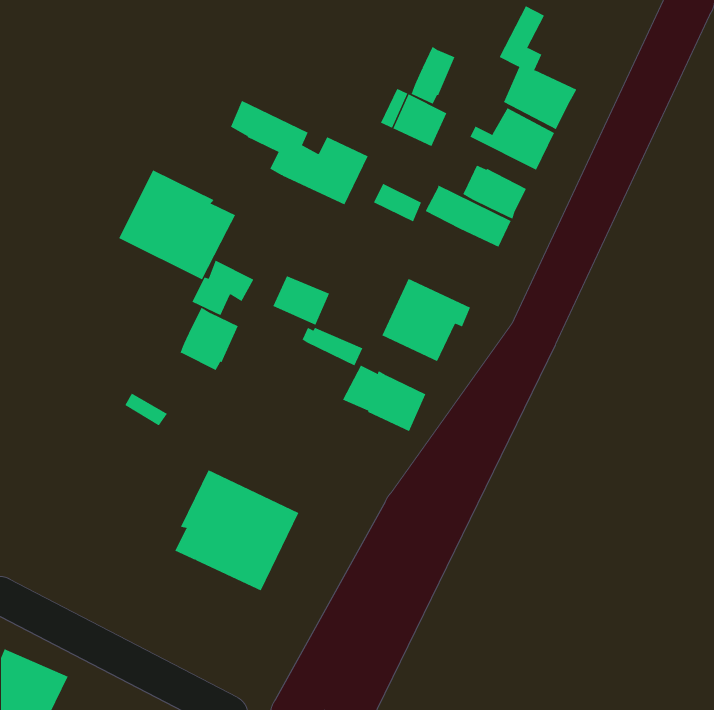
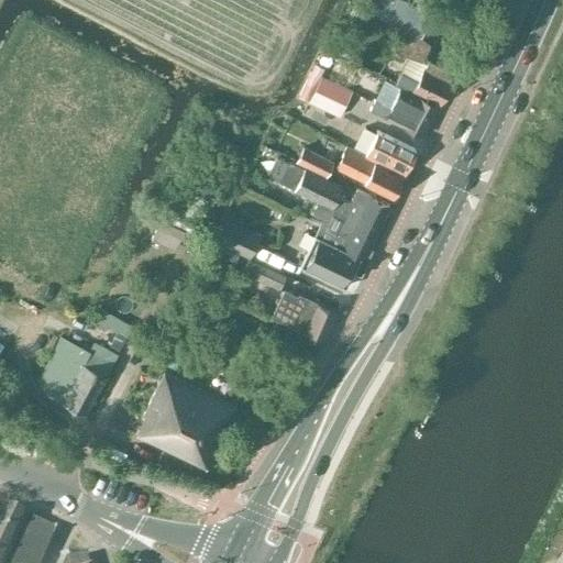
building: [411,46,455,105] -> none
building: [230,100,369,205] -> [280,163,389,245]
building: [118,170,236,280] -> none
building: [180,307,239,371] -> none
building: none -> [48,343,111,416]

